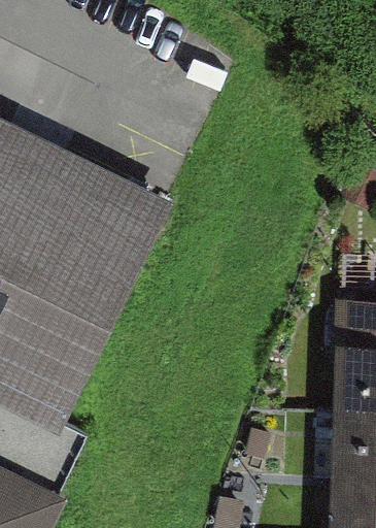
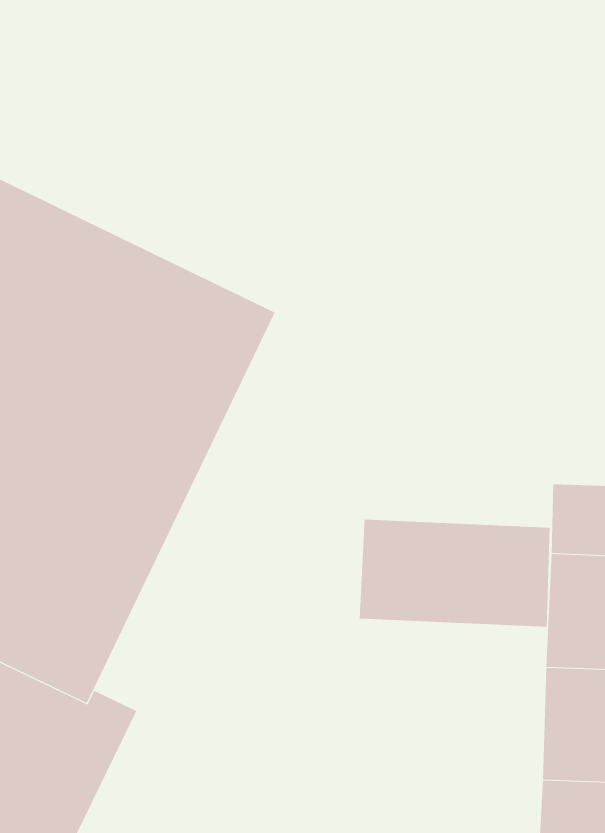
building: none -> [359,519,550,628]

